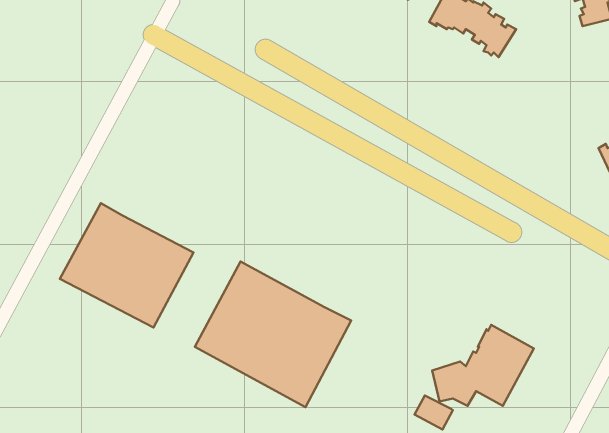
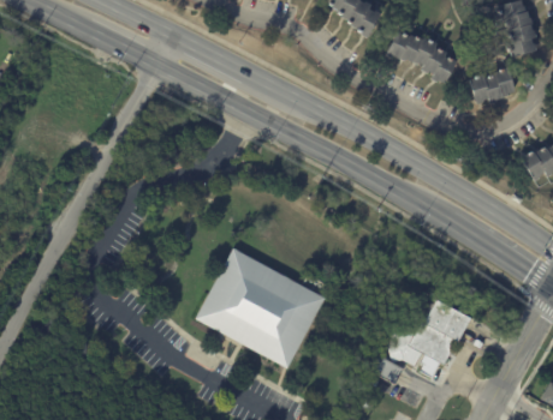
building: none -> [471,66,517,103]
building: [60,203,193,327] -> none

